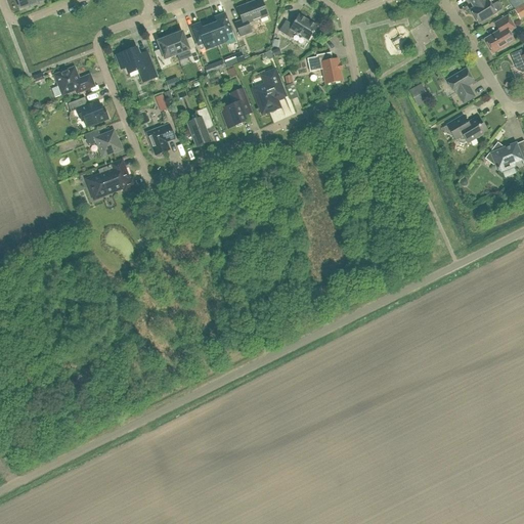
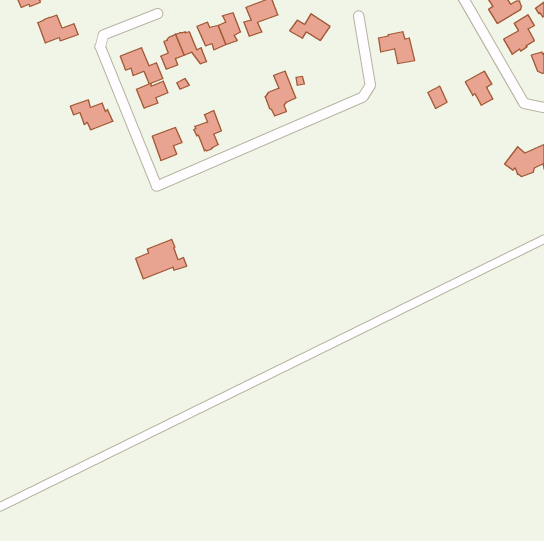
building: [307,51,342,82] -> [378,32,415,64]
building: [55,67,94,93] -> [38,15,78,43]
building: none -> [137,81,168,108]
building: [220,88,252,127] -> none
building: [446,114,487,143] -> none
building: [84,128,122,156] -> none
building: [87,160,136,198] -> [136,239,187,279]

